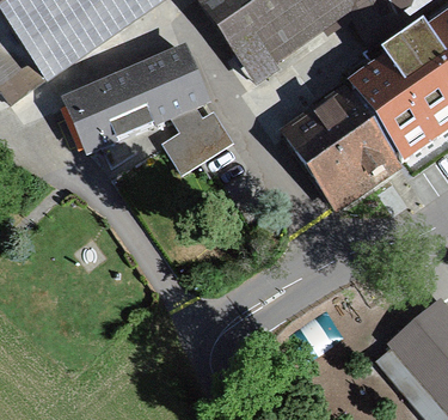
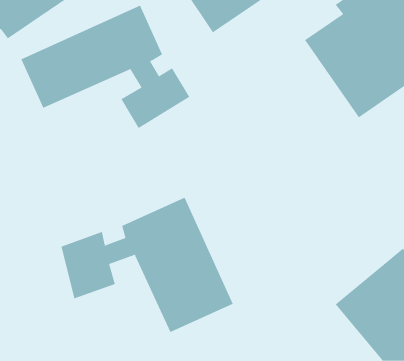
building: [281,85,399,208] -> none
building: none -> [61,197,234,333]

